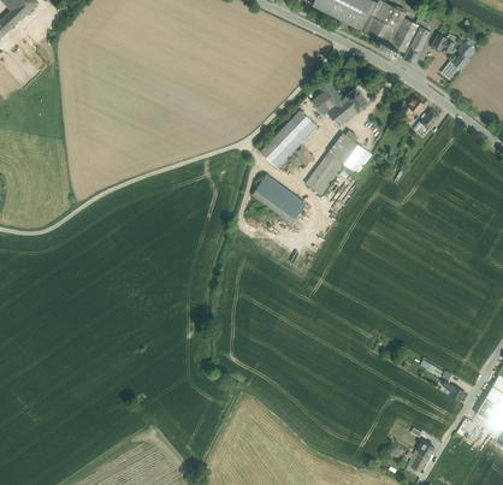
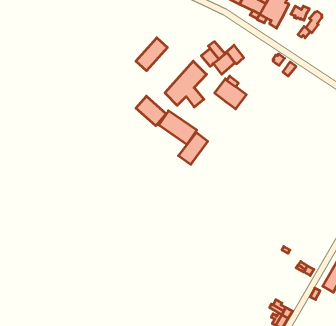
building: none -> [136,38,167,71]
building: [304,152,344,195] -> [178,133,208,164]
building: none -> [136,96,166,126]

